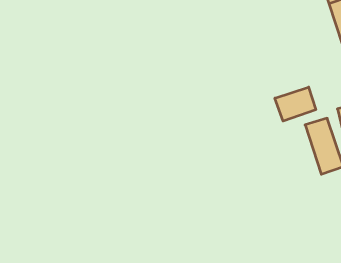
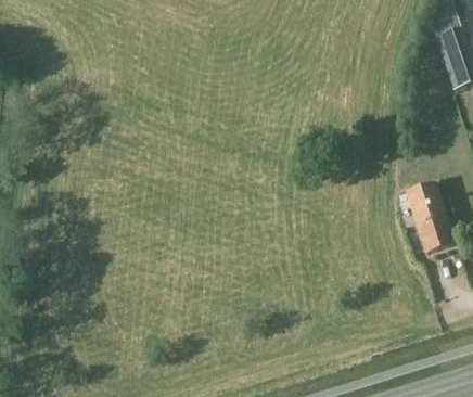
building: [275,87,316,121] -> none

